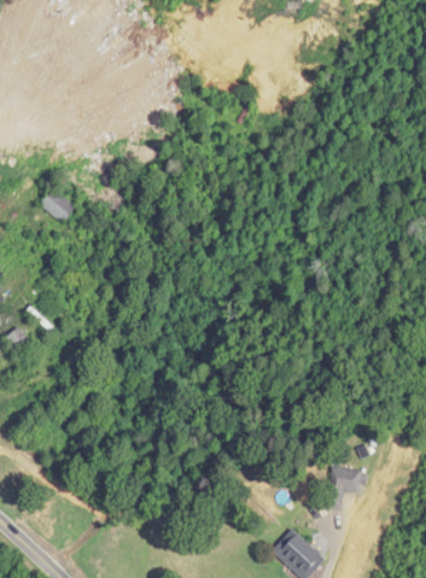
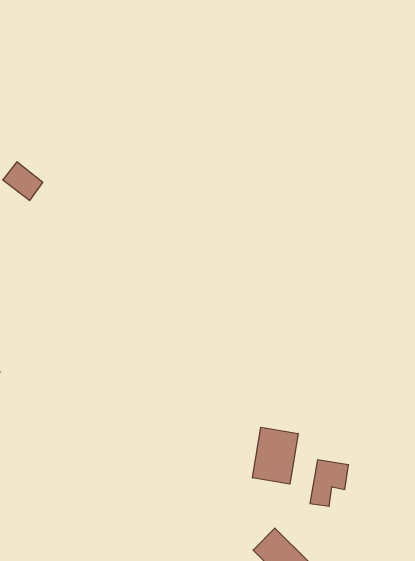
building: none -> [253,427,298,484]

